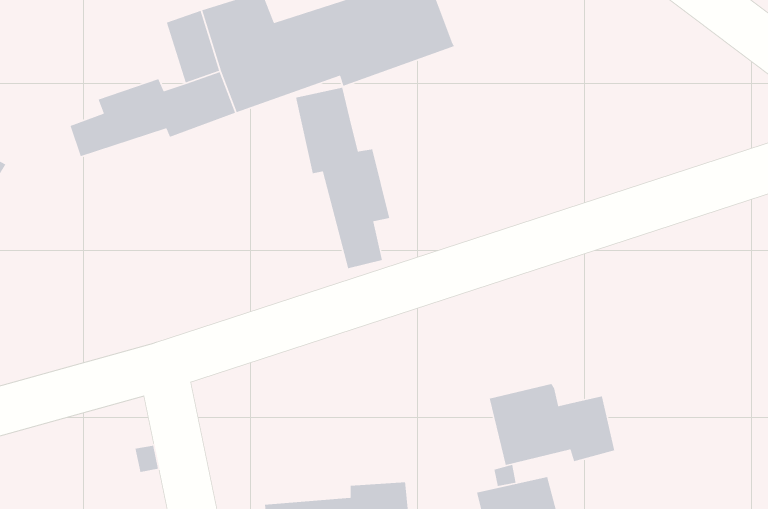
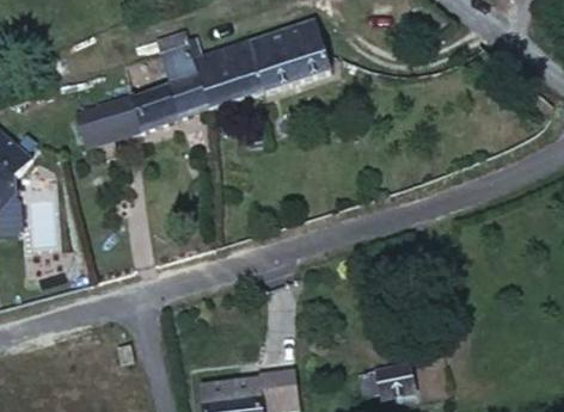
building: [295,87,390,269] -> none
building: [489,383,615,466] -> none

